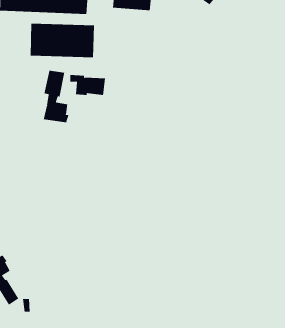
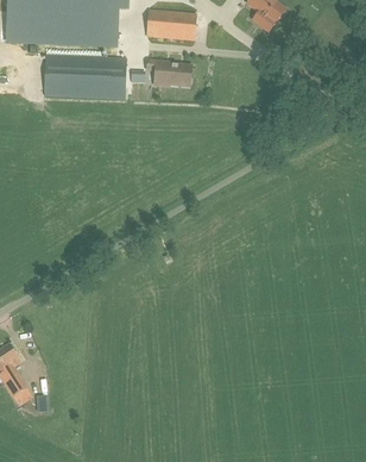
building: [43,70,69,123] -> none
building: [69,74,106,96] -> [146,60,191,86]

